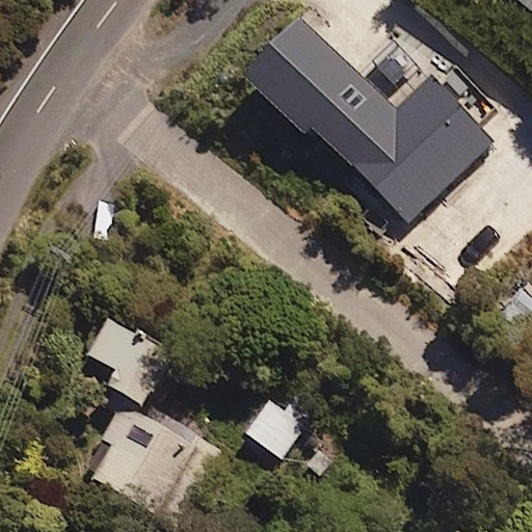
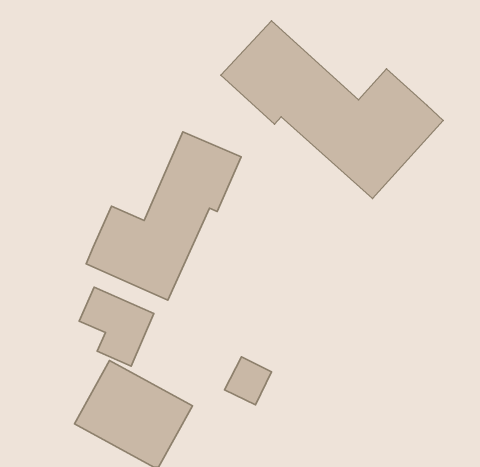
building: none -> [86,132,241,300]

